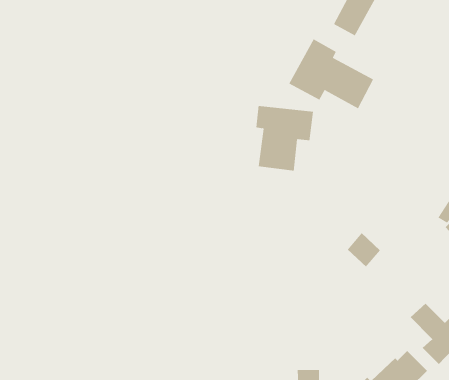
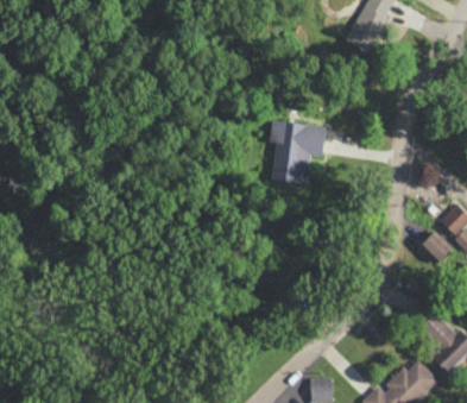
building: [288,39,374,109] -> none
building: [347,232,381,268] -> [419,229,453,264]

